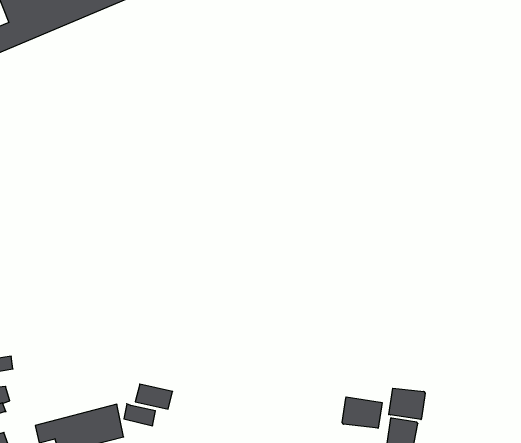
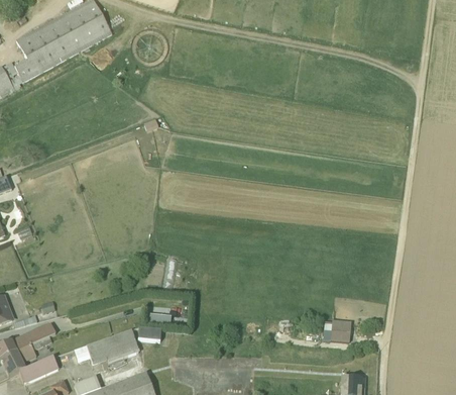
building: [389,388,425,420] -> none
building: [342,397,382,428] -> none

